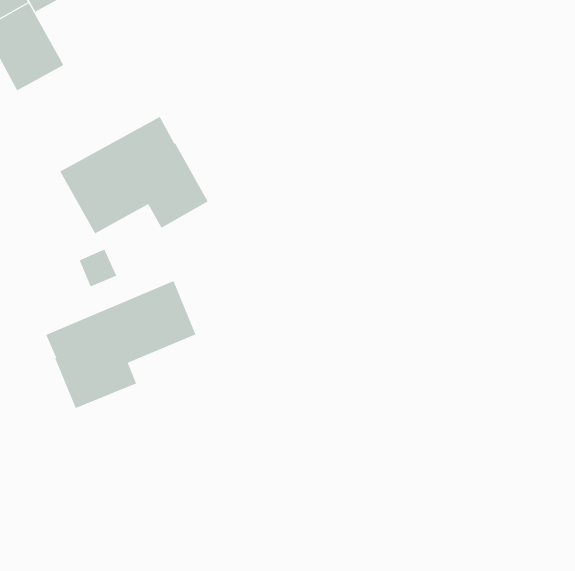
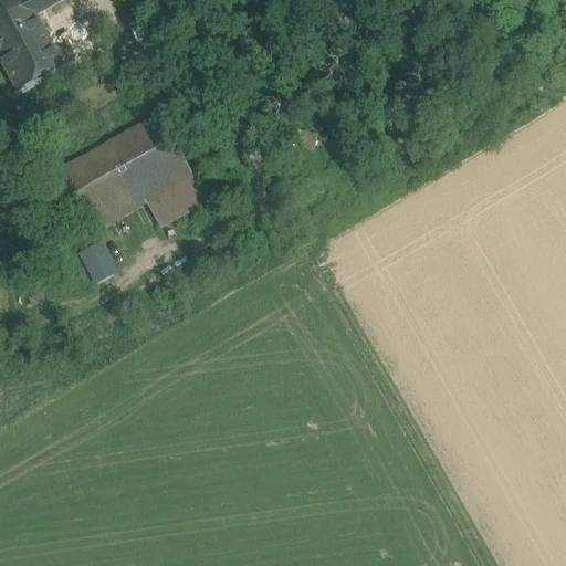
building: [45,281,196,409] -> none

